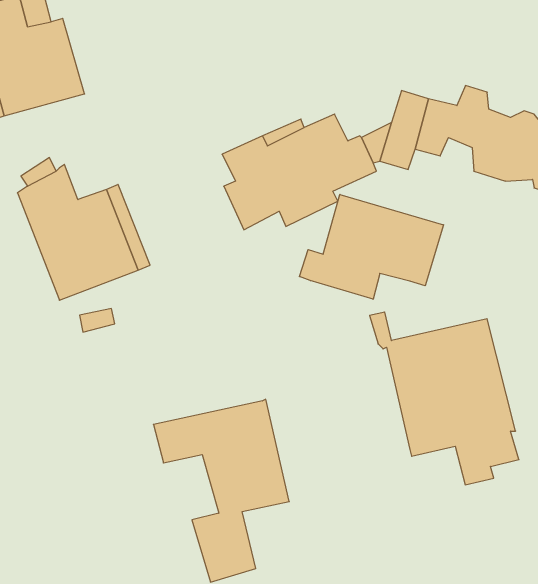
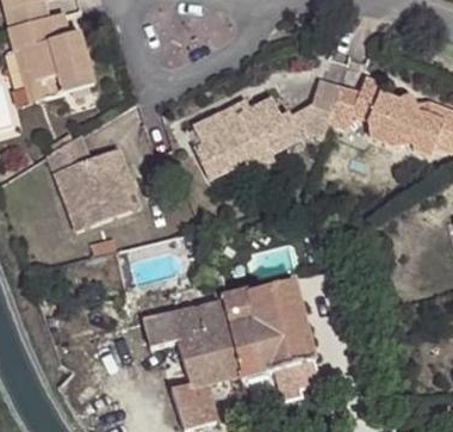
building: [299,194,444,299] -> none
building: [370,312,519,485] -> [211,274,317,397]

